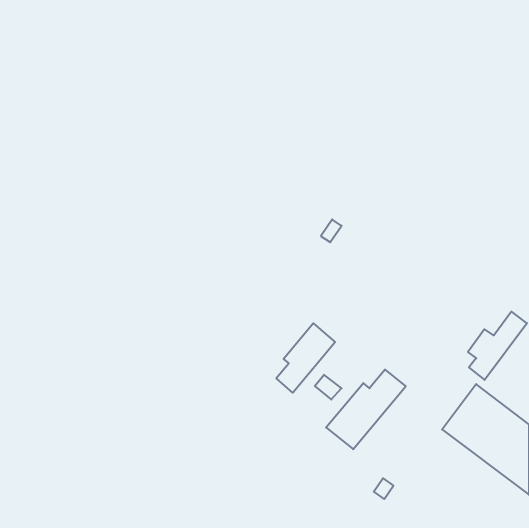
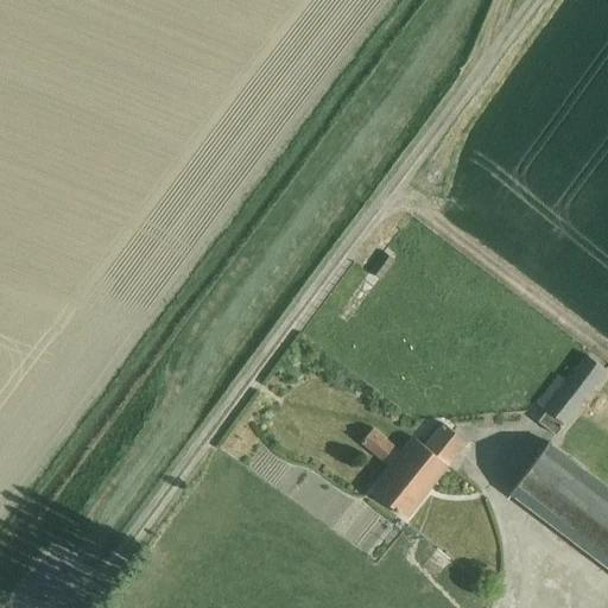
building: [276,323,335,393] -> none

